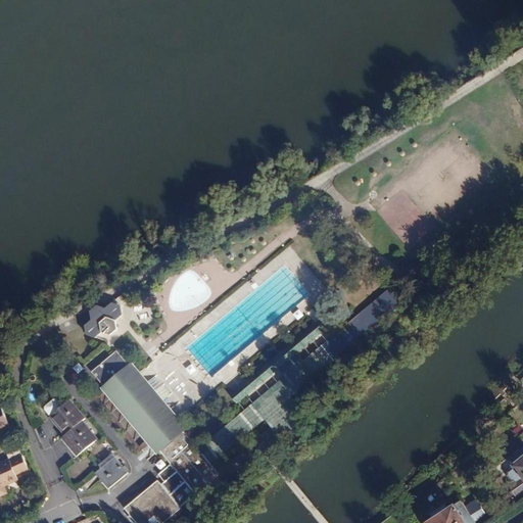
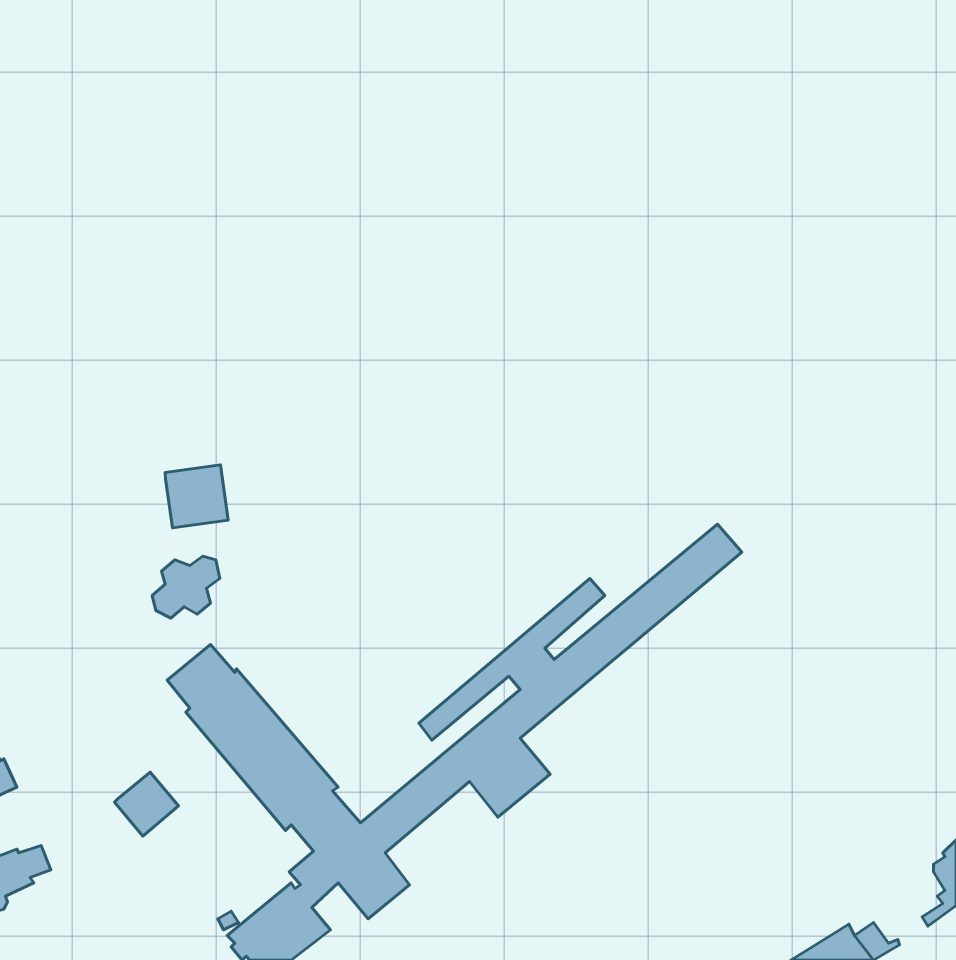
building: none -> [165,465,228,528]
building: [50,399,85,434] -> none
building: [94,454,127,488] -> none

